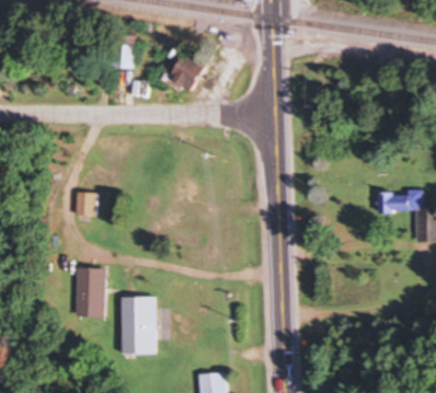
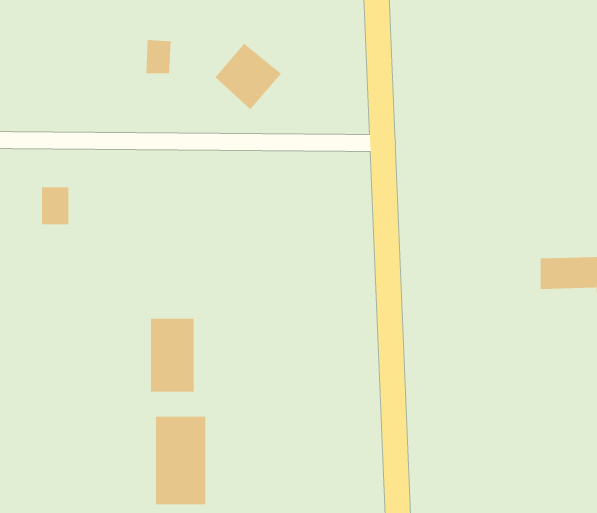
building: [77,192,95,217] -> [41,187,69,225]
building: [77,269,106,319] -> [150,318,194,392]

